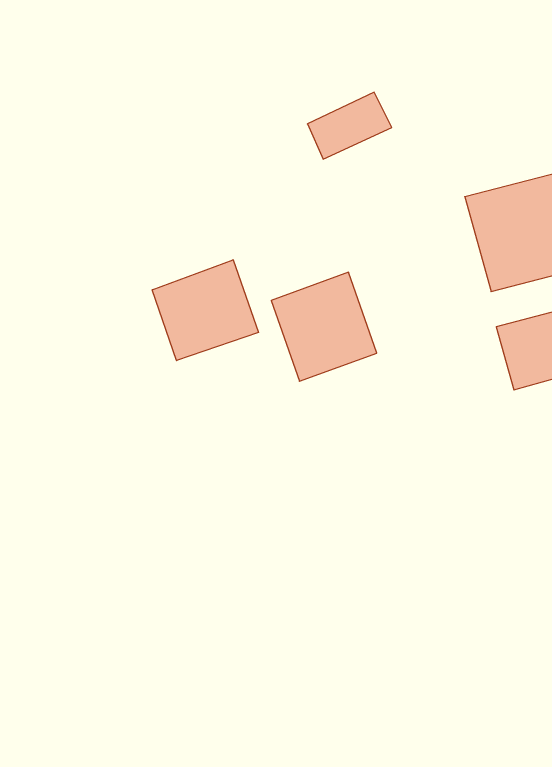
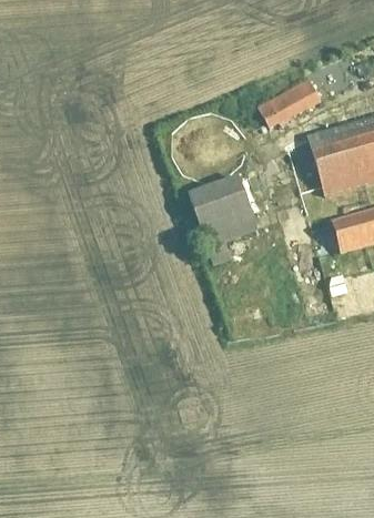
building: [307,92,392,159] -> [259,85,312,128]
building: [152,260,258,361] -> none

